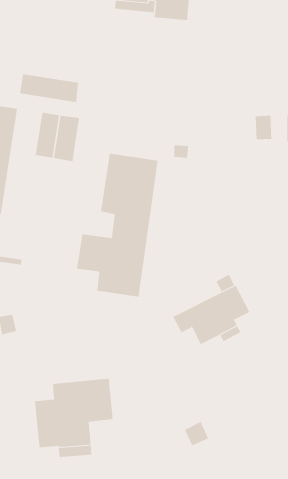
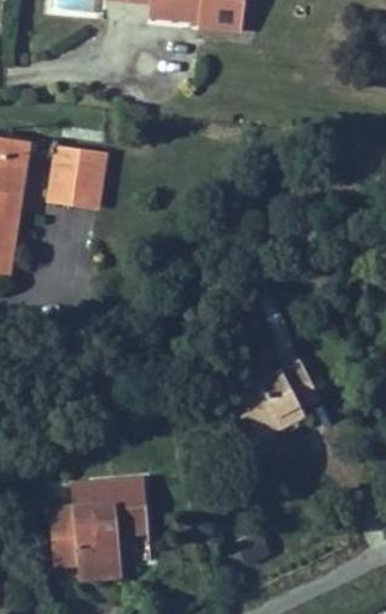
building: [19,73,79,103] -> none
building: [77,153,158,298] -> none

